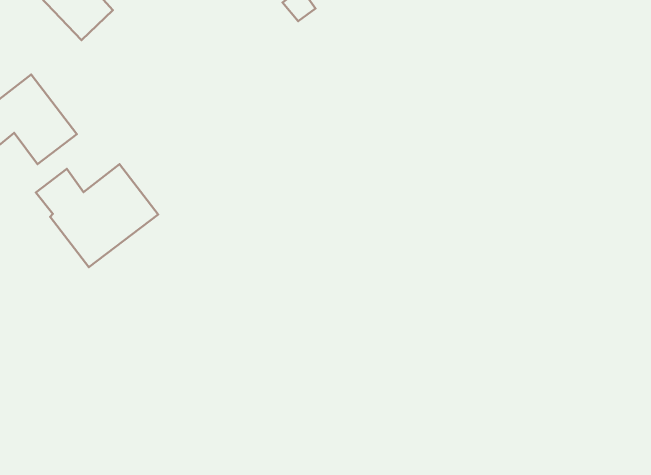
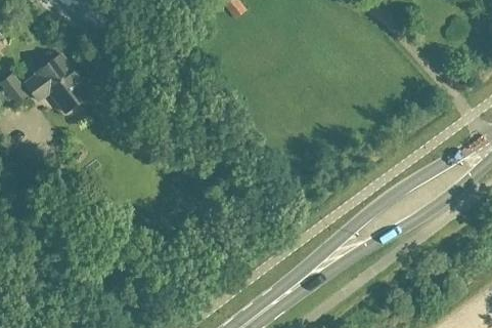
building: [36,164,158,267] -> none

